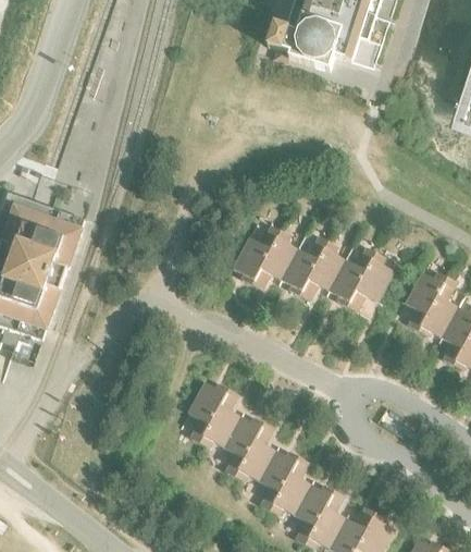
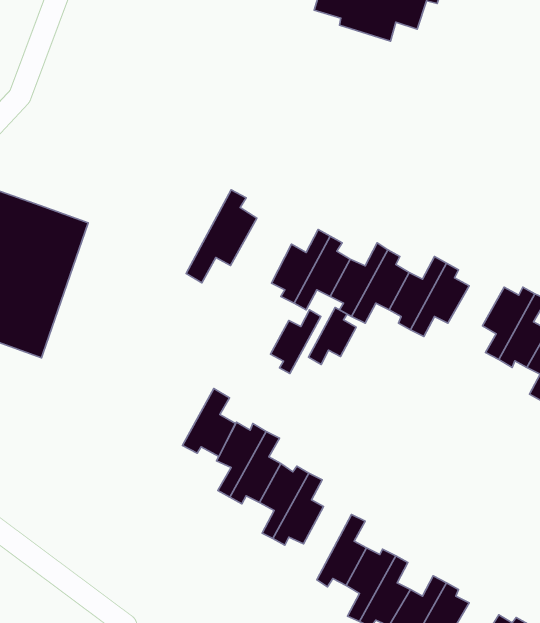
building: none -> [186,190,257,283]
building: none -> [309,308,356,364]
building: none -> [271,310,321,374]
building: none -> [183,389,236,456]
building: [260,450,299,510] -> none

